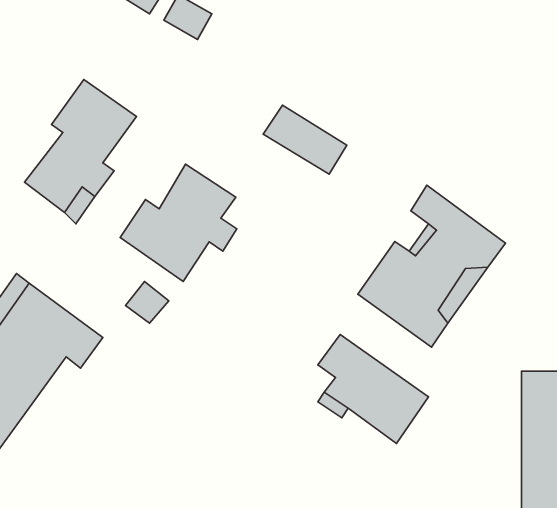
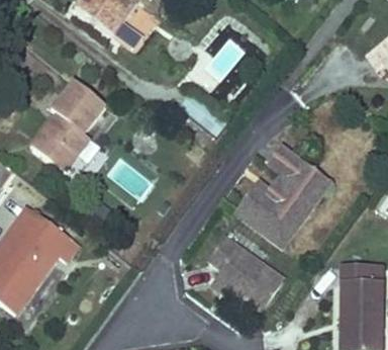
building: [120,164,237,281] -> none

